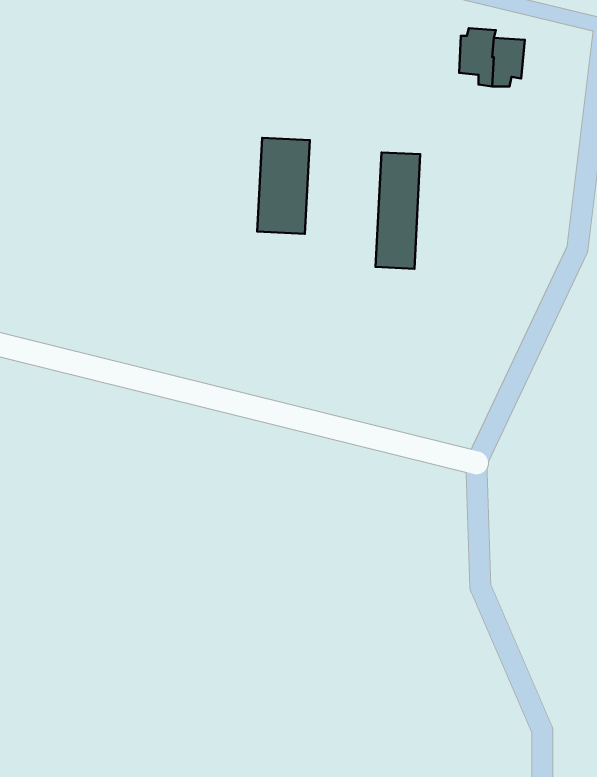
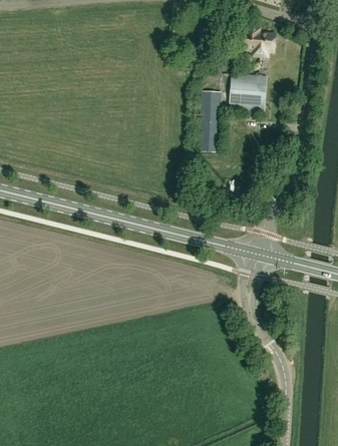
building: none -> [228,72,266,109]
building: [257,138,310,234] -> none

